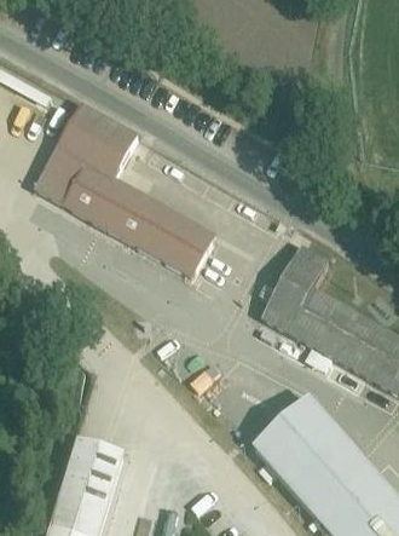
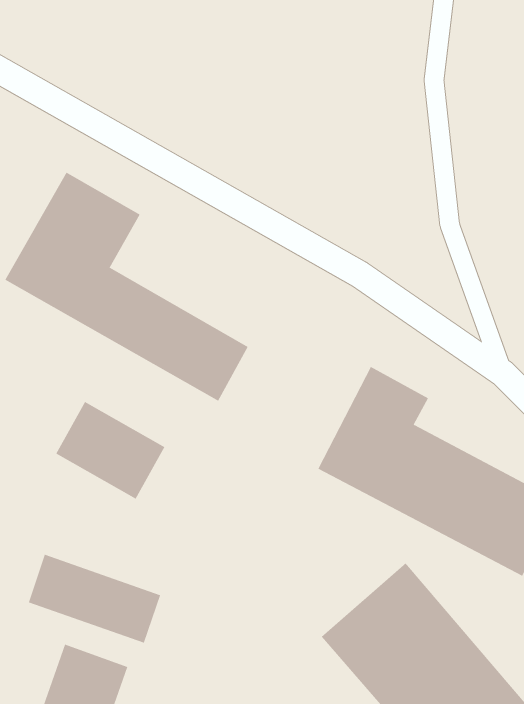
building: none -> [56,401,165,500]
building: none -> [28,554,161,643]

